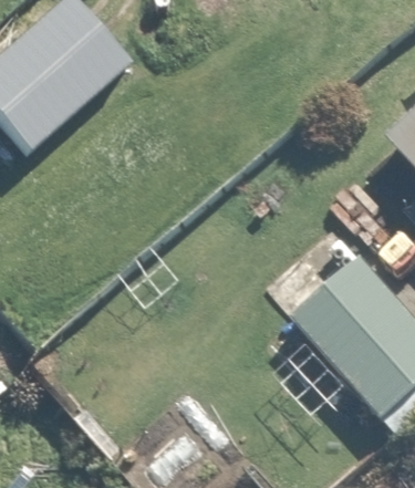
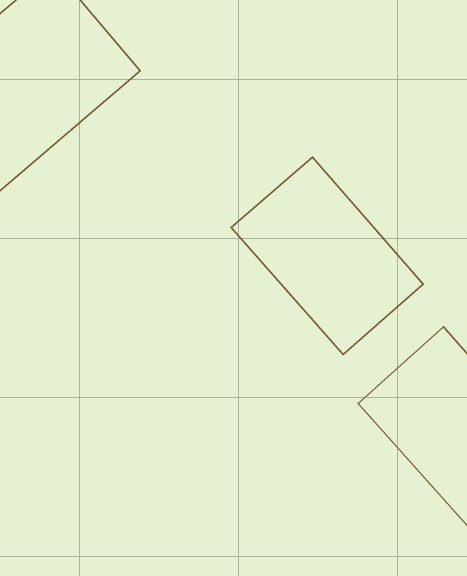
building: none -> [231,157,423,355]

